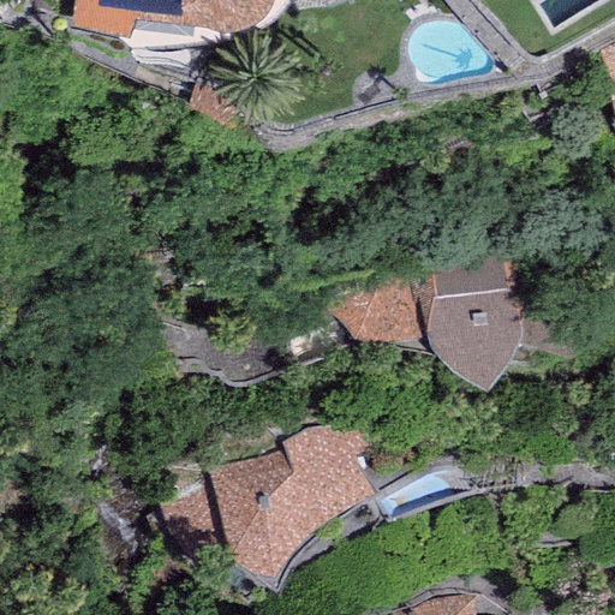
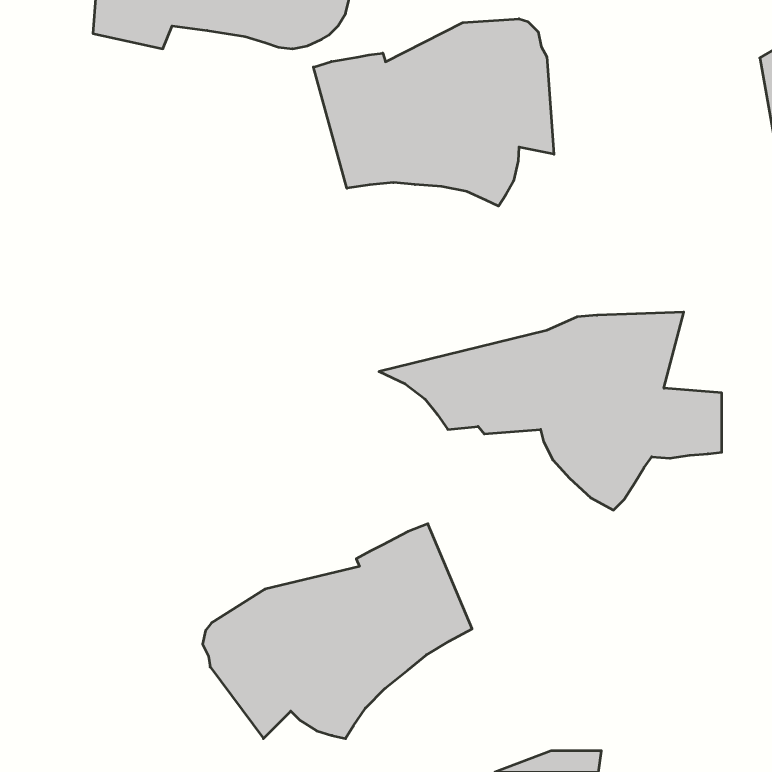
building: none -> [313,19,554,206]

